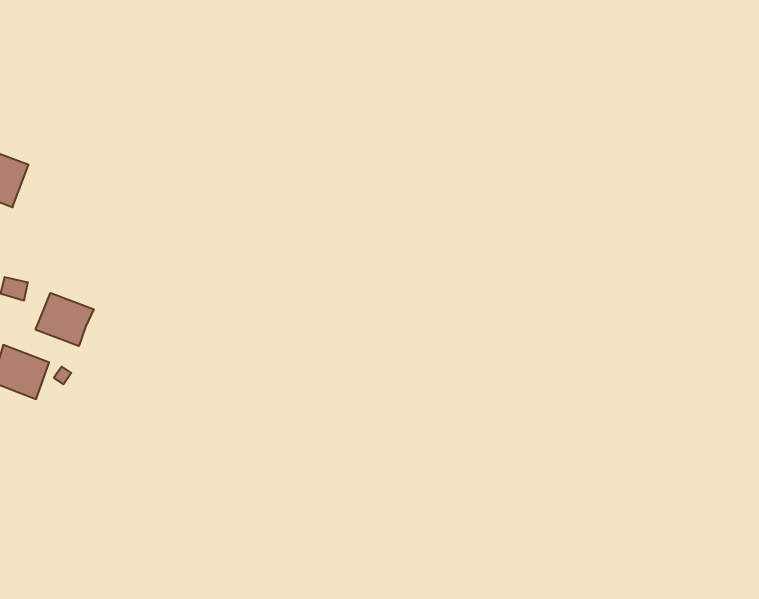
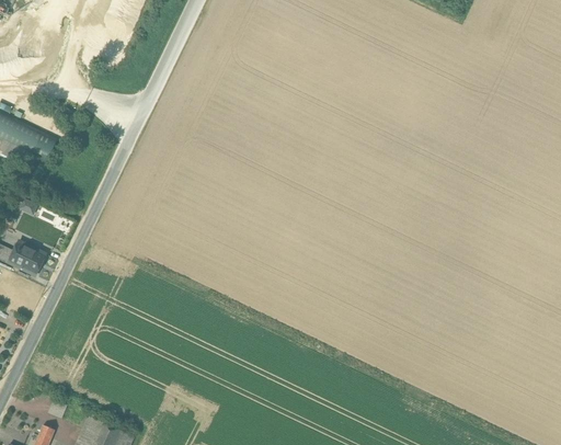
building: [36,293,94,346] -> none

